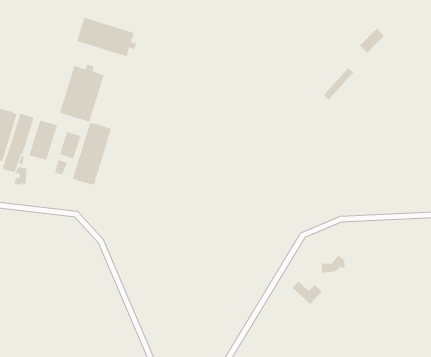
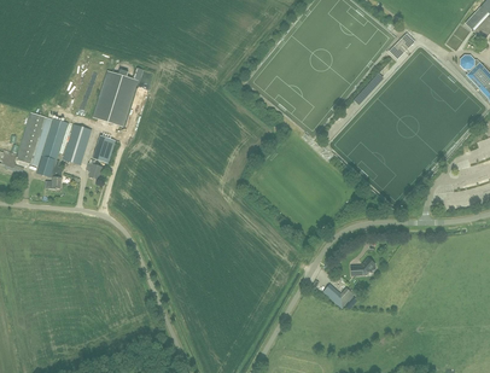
building: [76,17,137,57] -> none
building: [72,122,111,185] -> none

